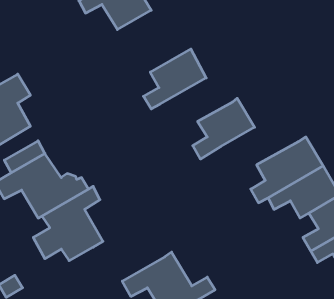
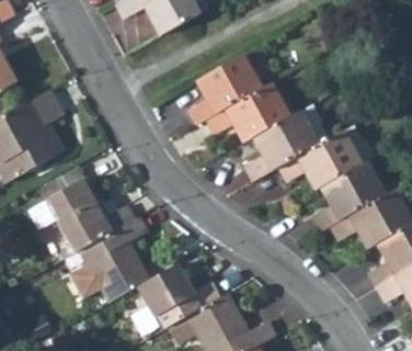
building: none -> [210,86,293,144]
building: none -> [279,127,374,193]
building: none -> [135,261,216,324]

